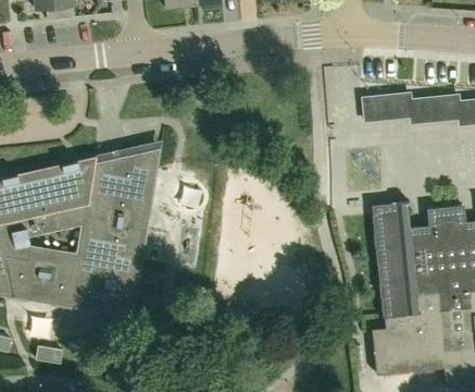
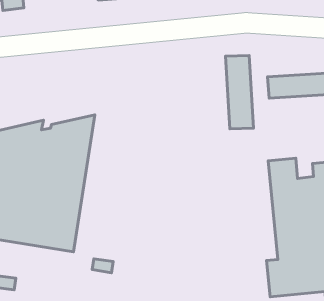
building: none -> [226,55,254,129]

